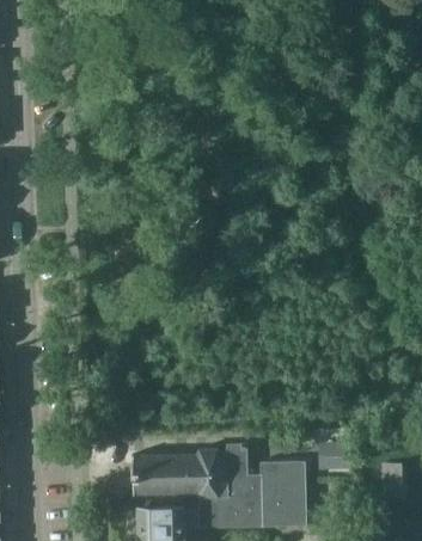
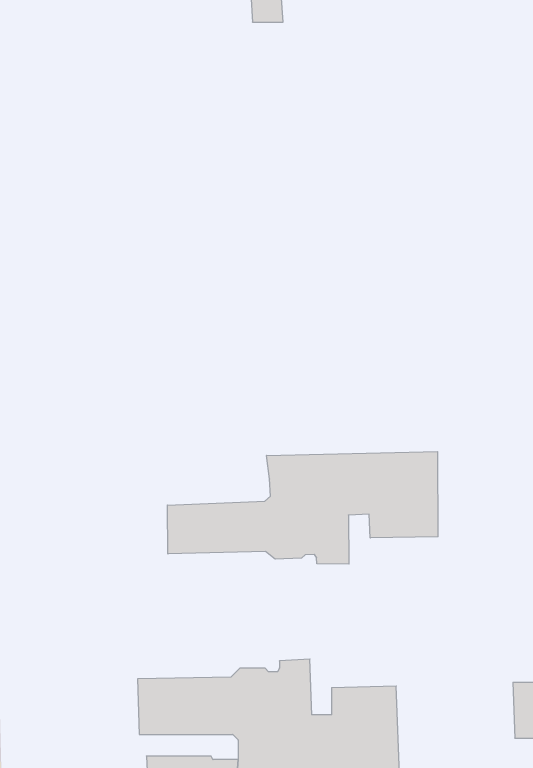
building: none -> [167,452,438,564]

